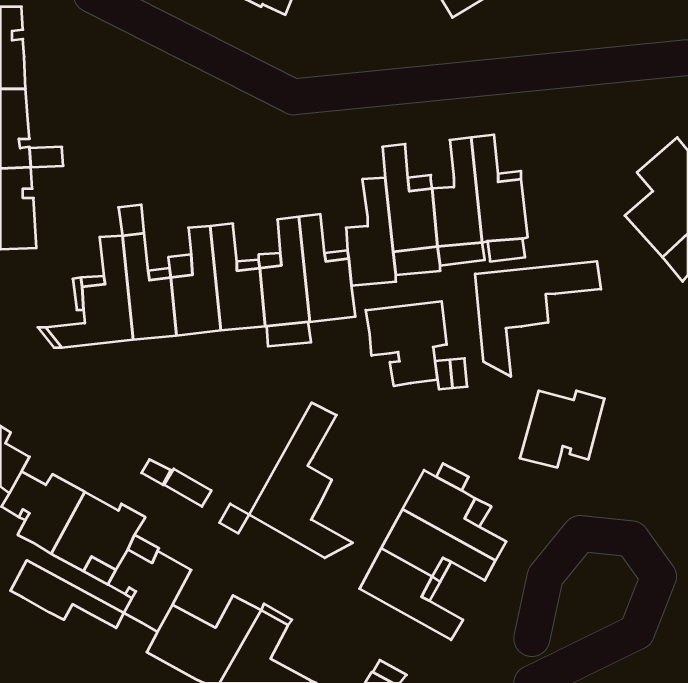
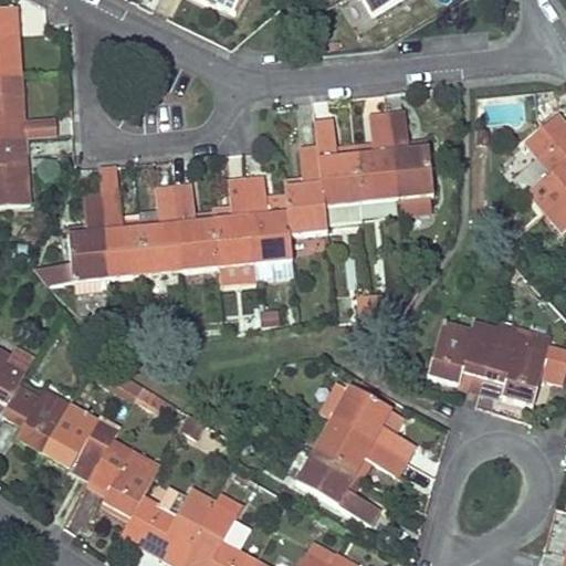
building: [475,261,601,377] -> none
building: [366,301,447,386] -> none
building: none -> [483,322,551,405]
building: [249,403,353,558] -> none
building: [10,560,124,628] -> none

